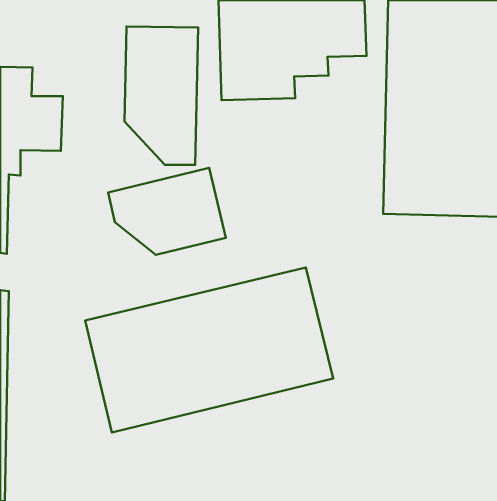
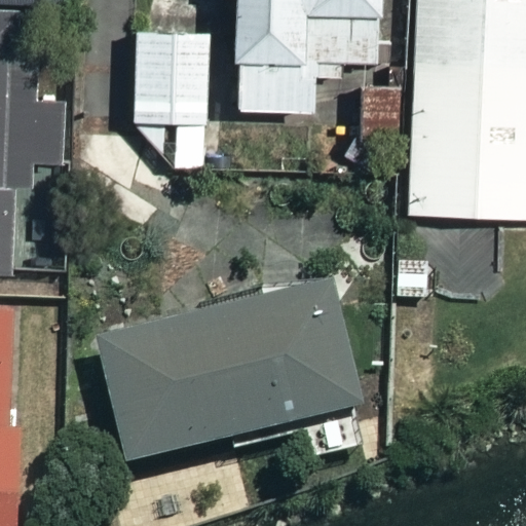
building: [108,168,226,255] -> none

